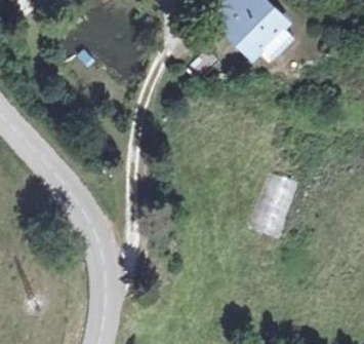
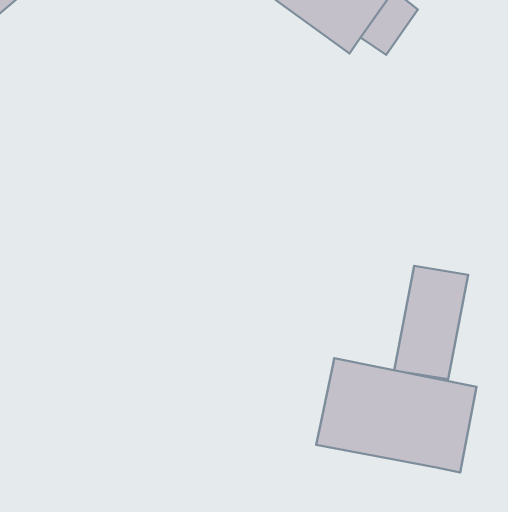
building: none -> [316,358,476,472]

